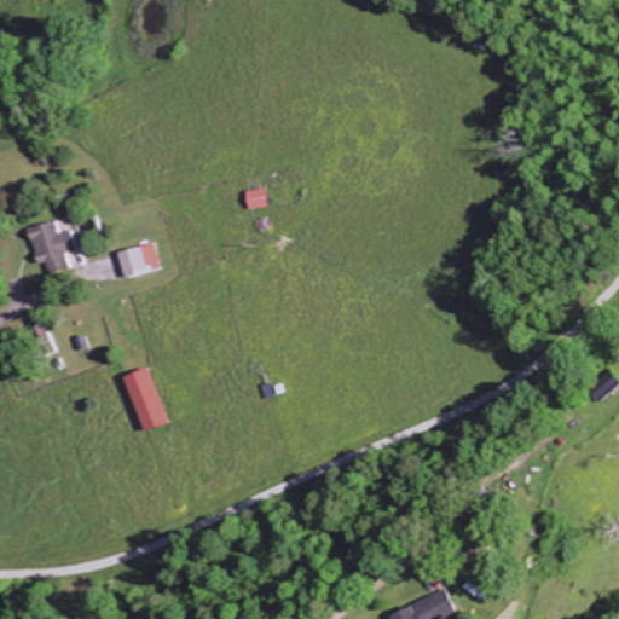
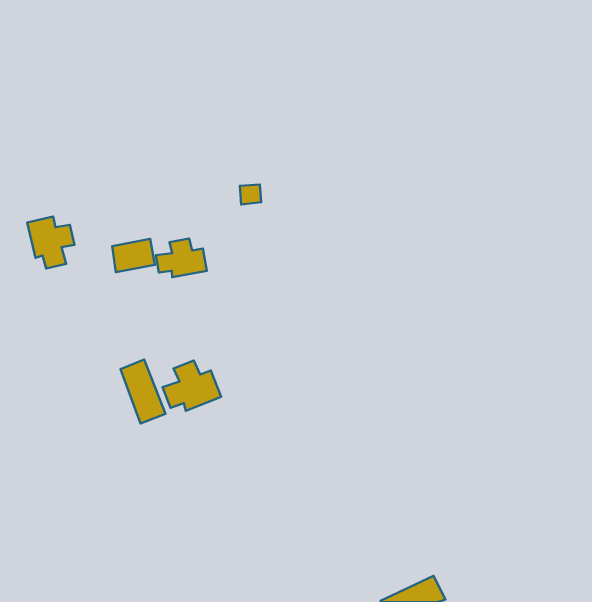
building: none -> [156,239,207,277]
building: none -> [162,361,221,411]

